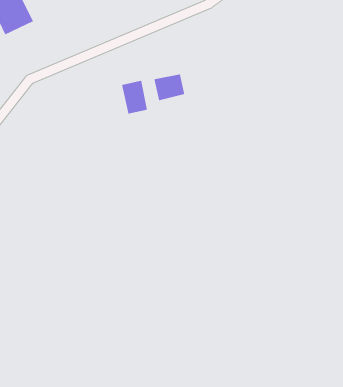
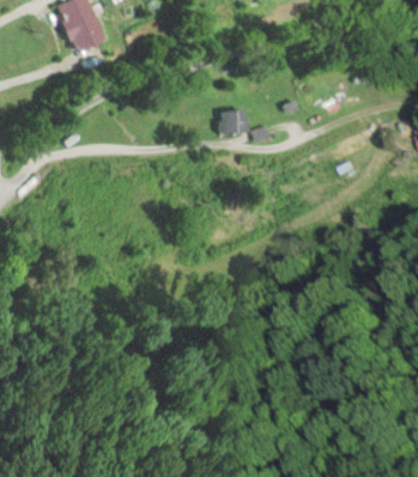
building: [121,80,148,114] -> none

